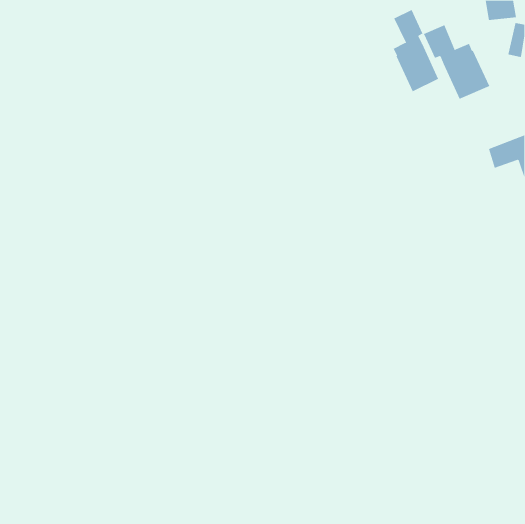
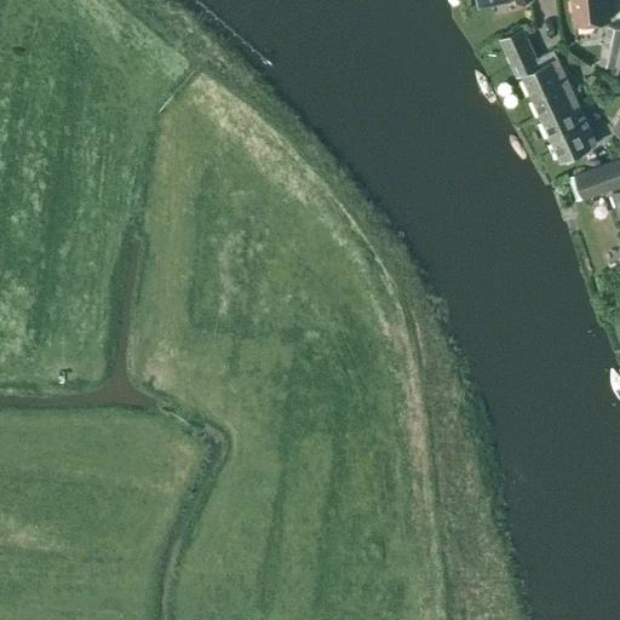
building: [393,9,439,92] -> none
building: none -> [541,103,596,162]

